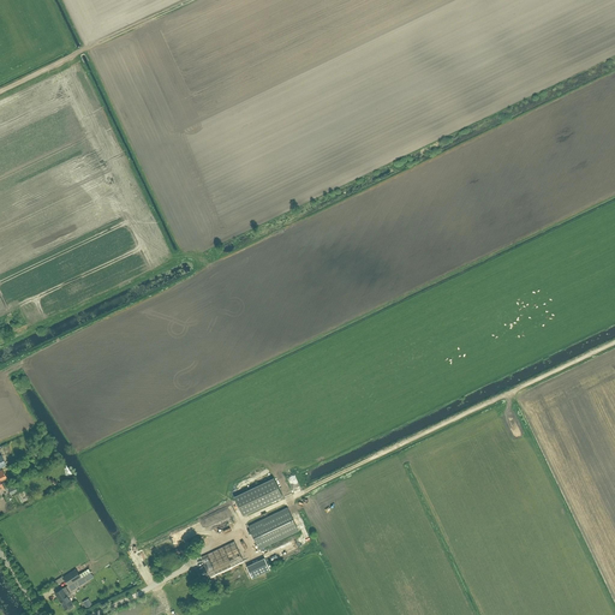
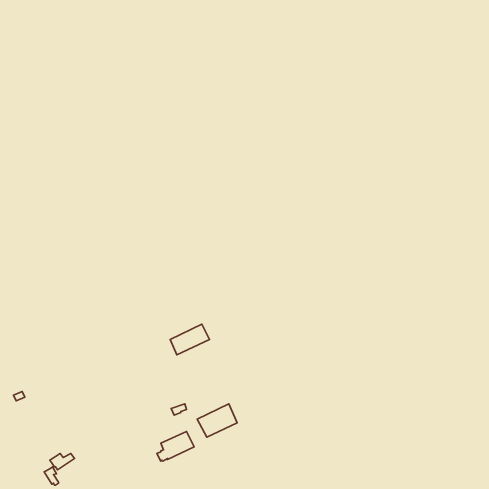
building: [234,477,283,515] -> [170,324,209,355]

